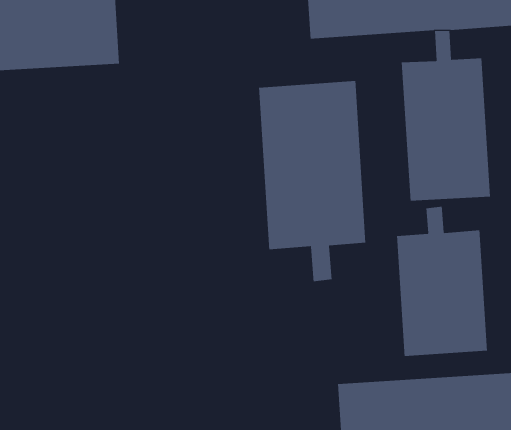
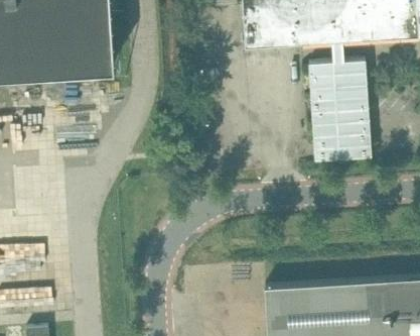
building: [259,80,366,282] -> none
building: [397,206,488,357] -> none

